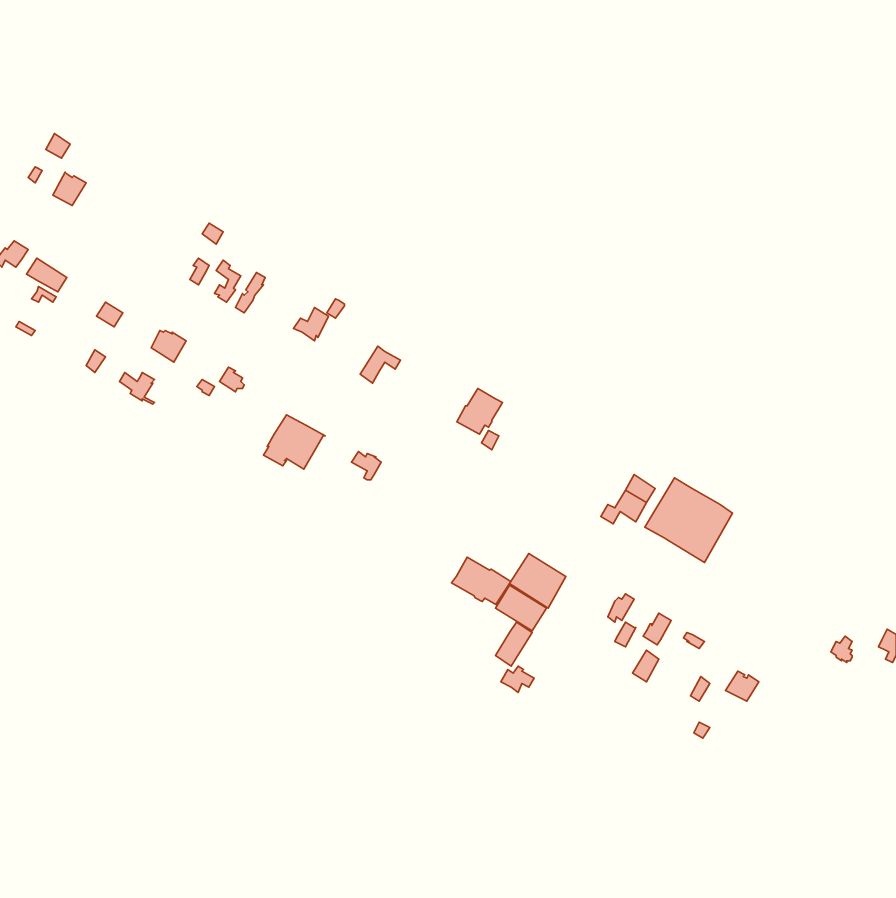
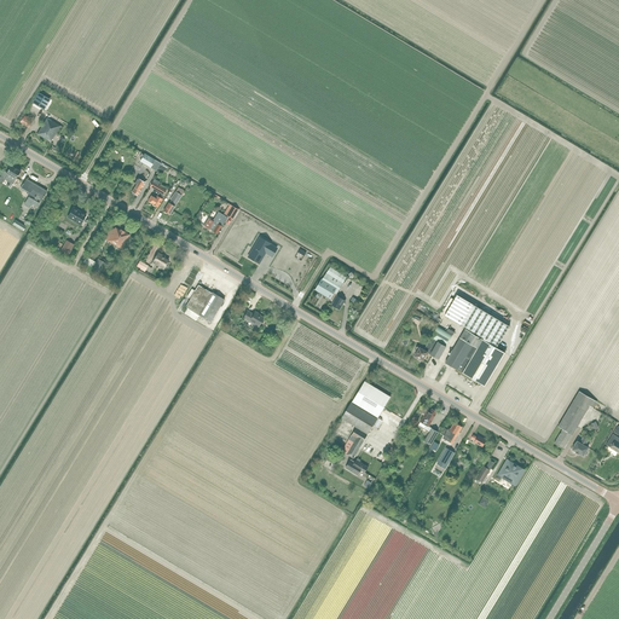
building: none -> [444,295,508,347]
building: [452,557,511,605] -> none
building: none -> [553,391,596,450]

